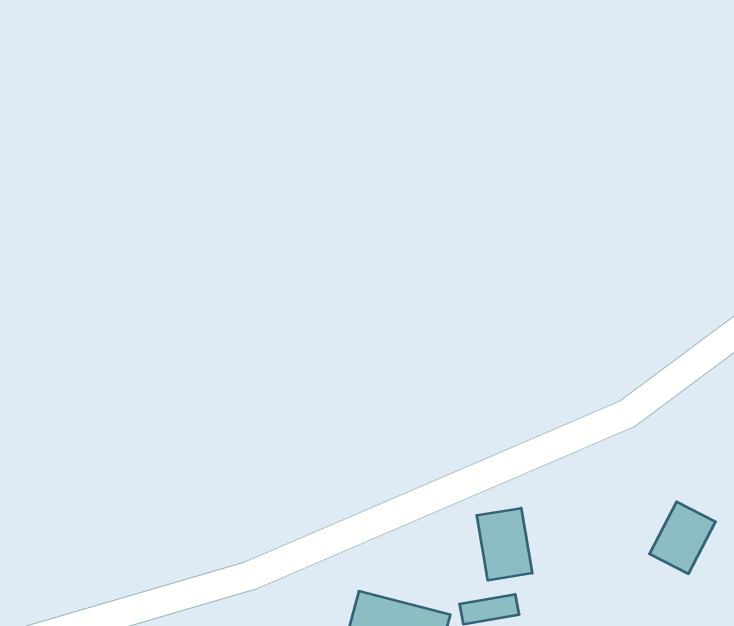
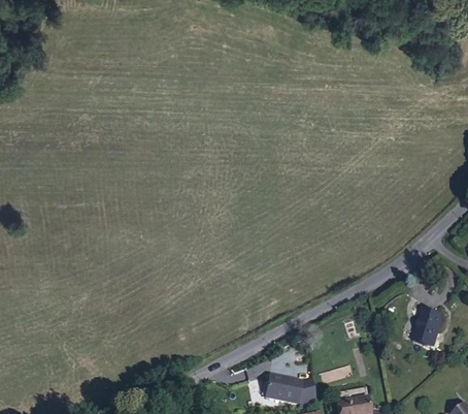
building: [477,508,532,580] -> none

